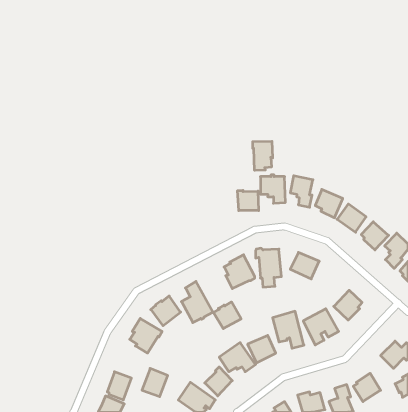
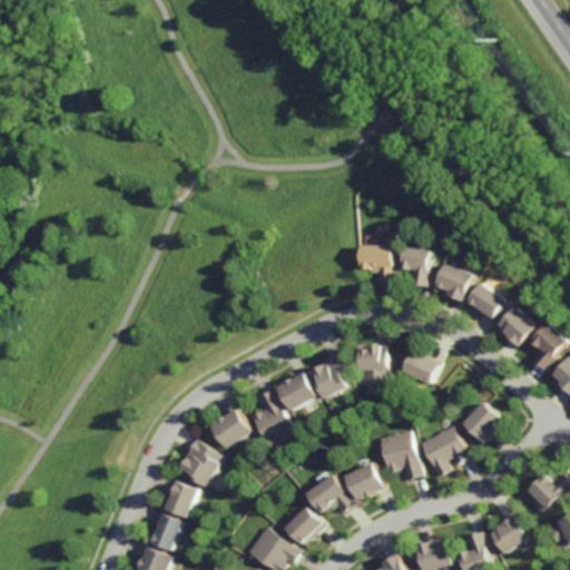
building: [253,141,273,170] -> none
building: [238,190,259,211] -> none
building: [214,302,241,329] -> [276,373,314,410]
building: [142,368,168,397] -> [160,480,196,519]

